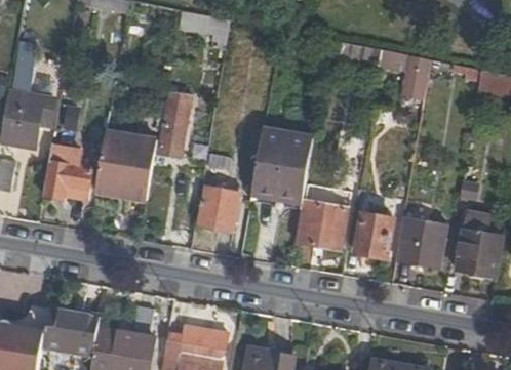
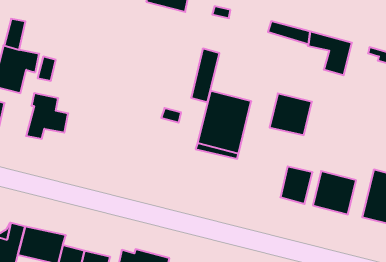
building: [159,92,190,157] -> [191,49,219,102]
building: [96,137,155,200] -> none
building: [198,184,244,233] -> none
building: [298,201,347,249] -> [270,93,312,135]

